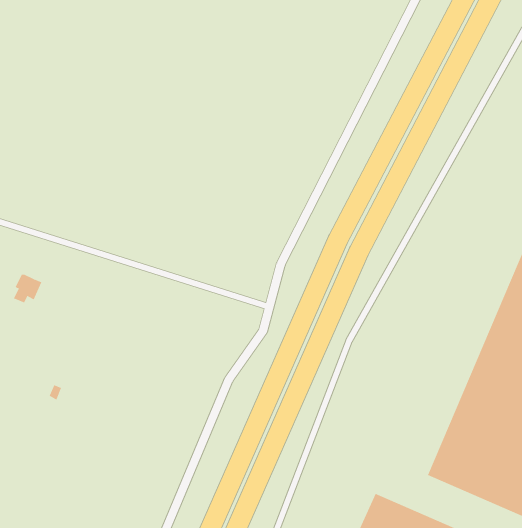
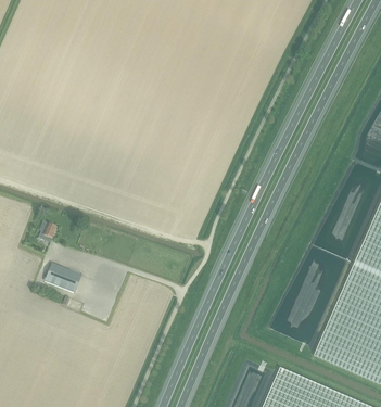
building: none -> [45,263,81,292]

